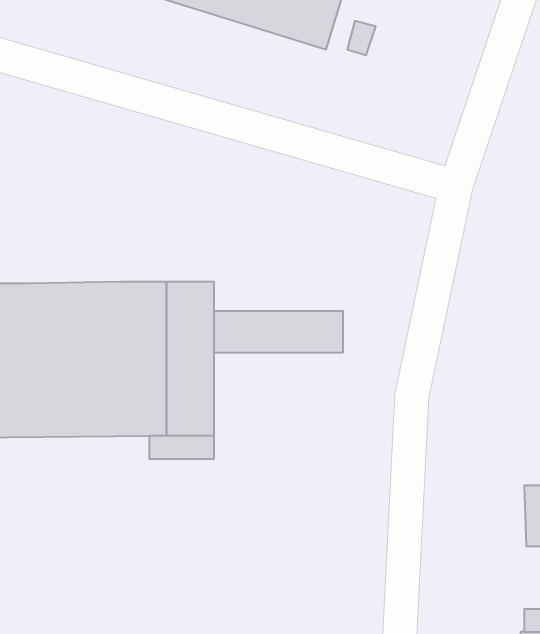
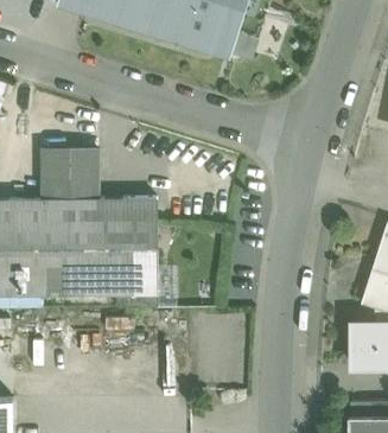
building: none -> [42,153,98,202]
building: [214,311,343,353] -> none

